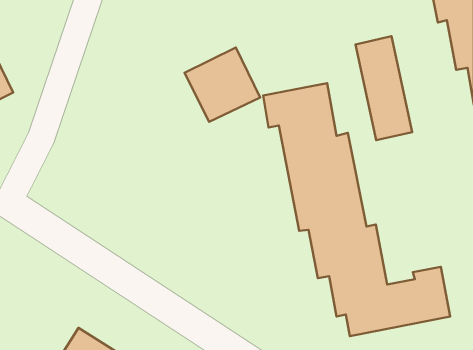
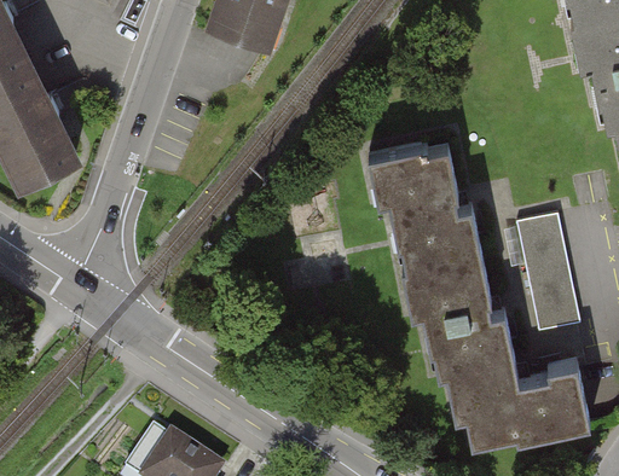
building: [355,36,412,140] -> [520,207,586,329]
building: [185,48,260,122] -> none

